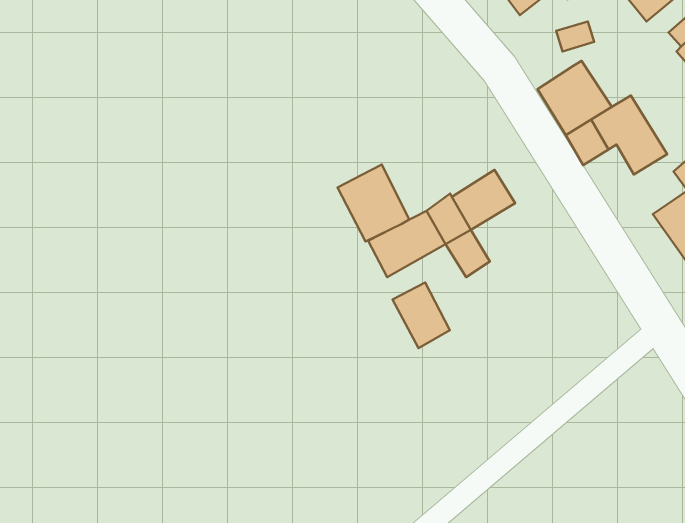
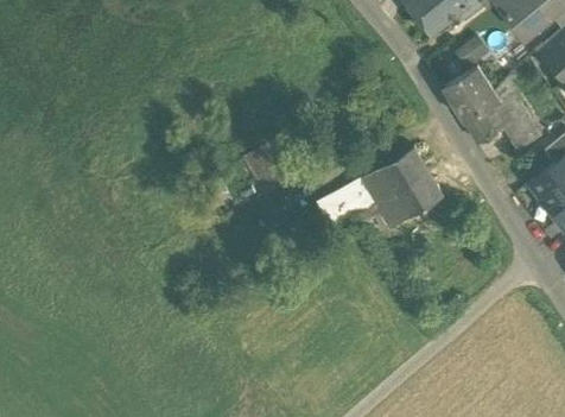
building: [337,164,409,241] -> none
building: none -> [394,172,444,216]
building: [393,282,450,348] -> none

